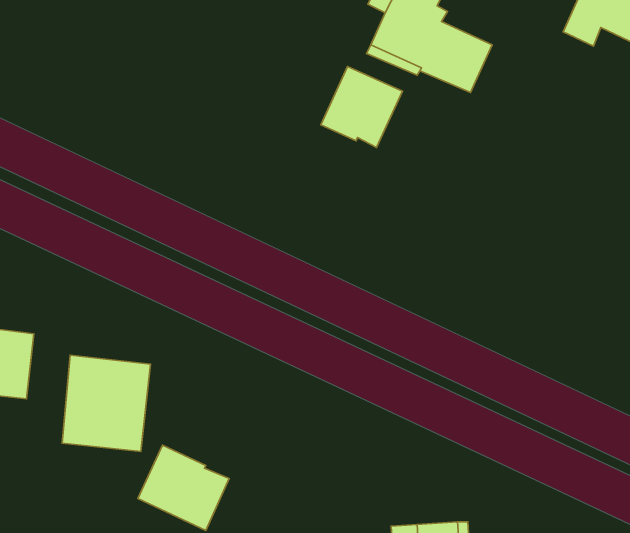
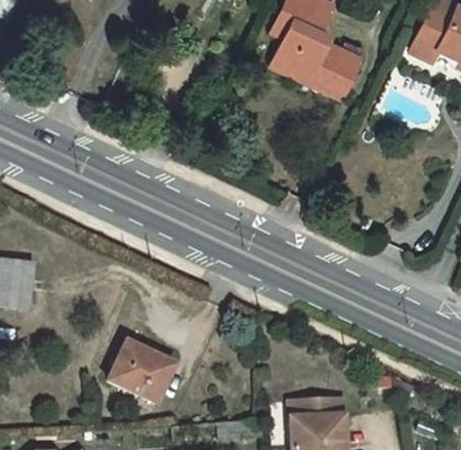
building: [321,67,403,147] -> none
building: [62,355,150,451] -> none

